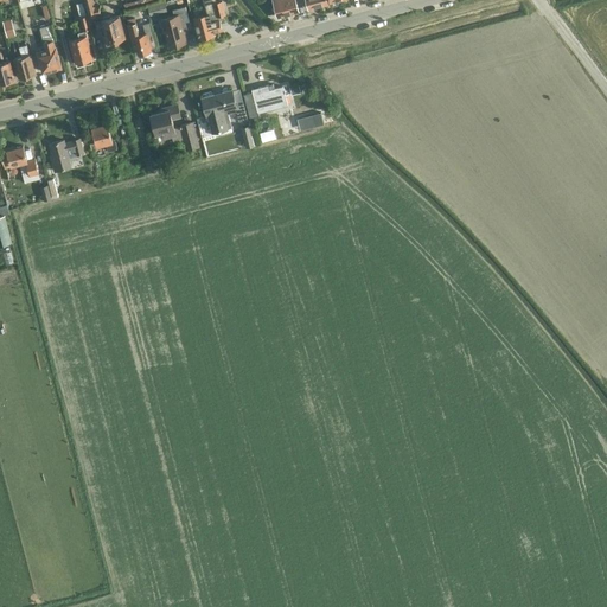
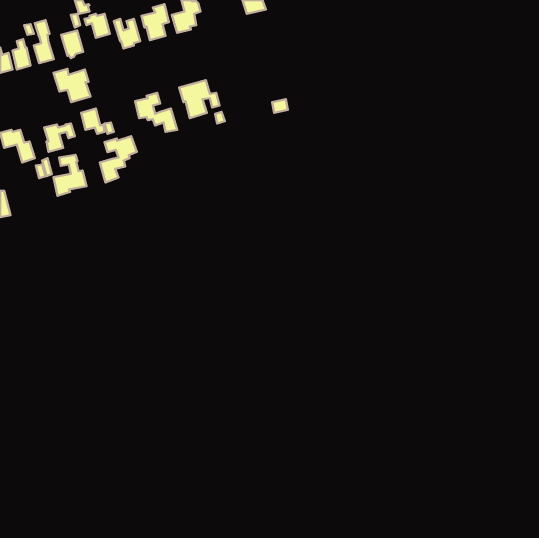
building: none -> [53,69,90,102]
building: [243,85,288,119] -> none
building: none -> [100,136,137,183]
building: none -> [53,155,86,196]

